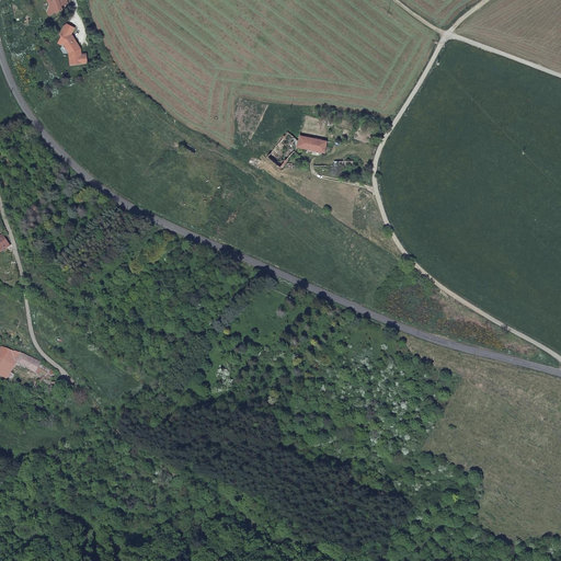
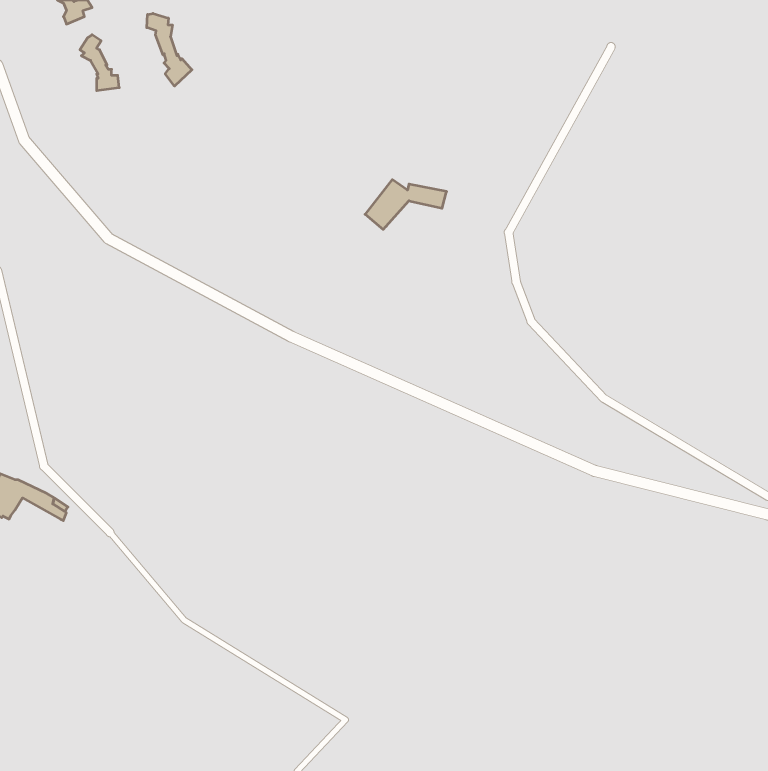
building: none -> [147,13,192,86]

